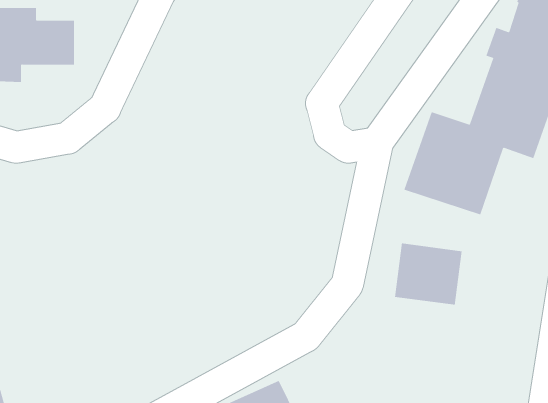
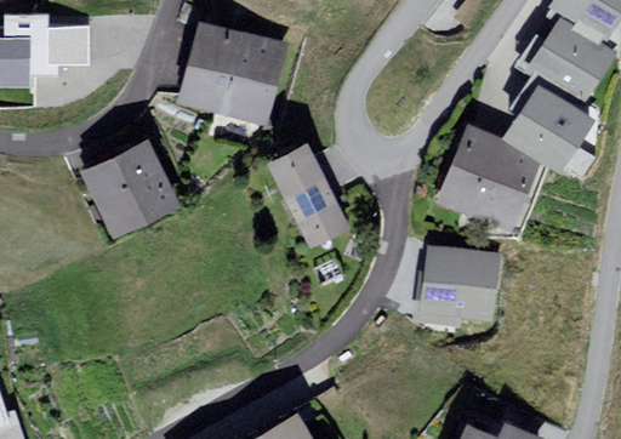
building: none -> [186,38,283,124]
building: none -> [87,150,176,240]
building: none -> [277,155,348,250]

